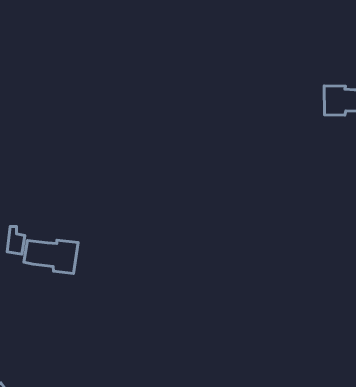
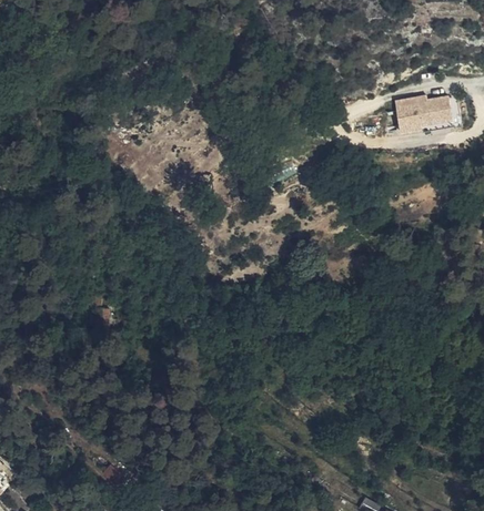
building: [24,240,78,273] -> none

